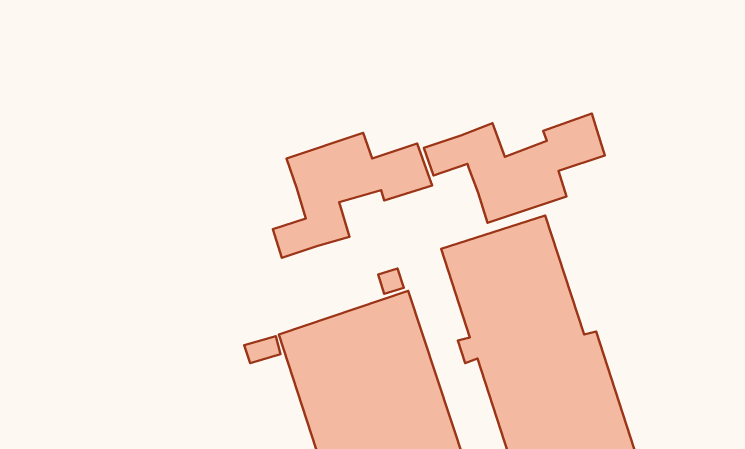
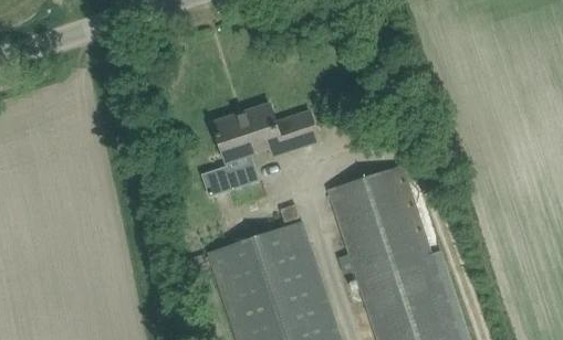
building: [424,113,605,223] -> none

